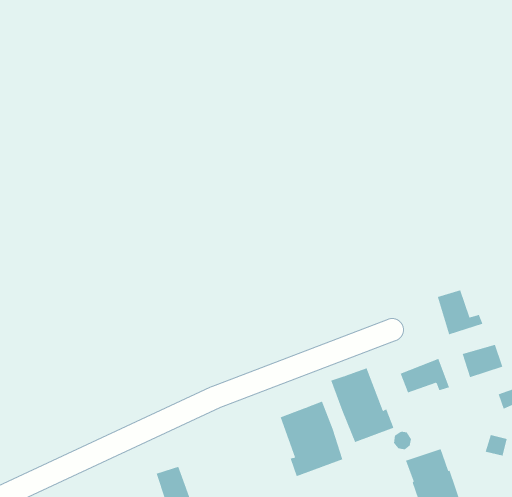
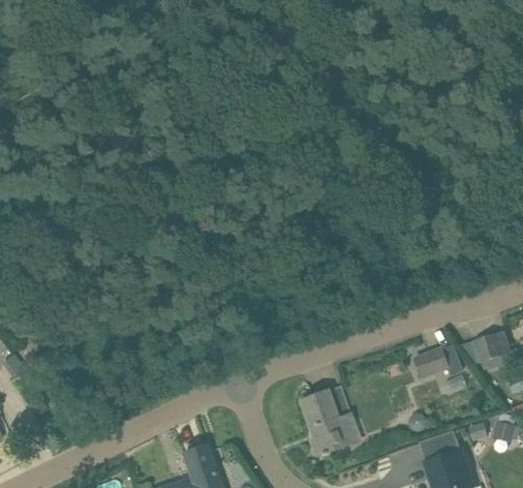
building: [437,289,483,335] -> none
building: [331,368,394,443] -> none

